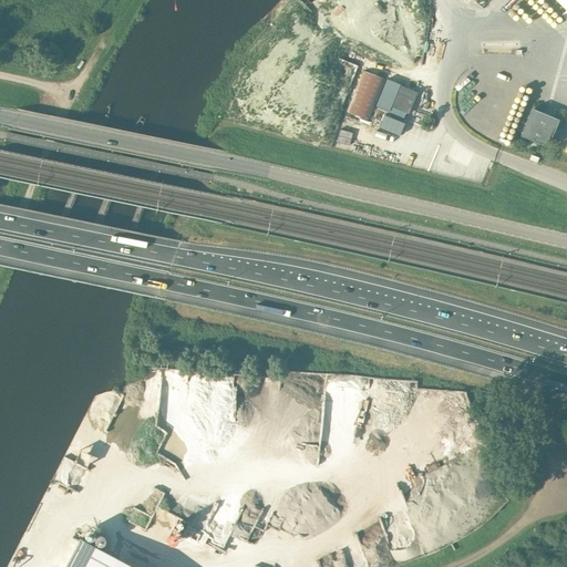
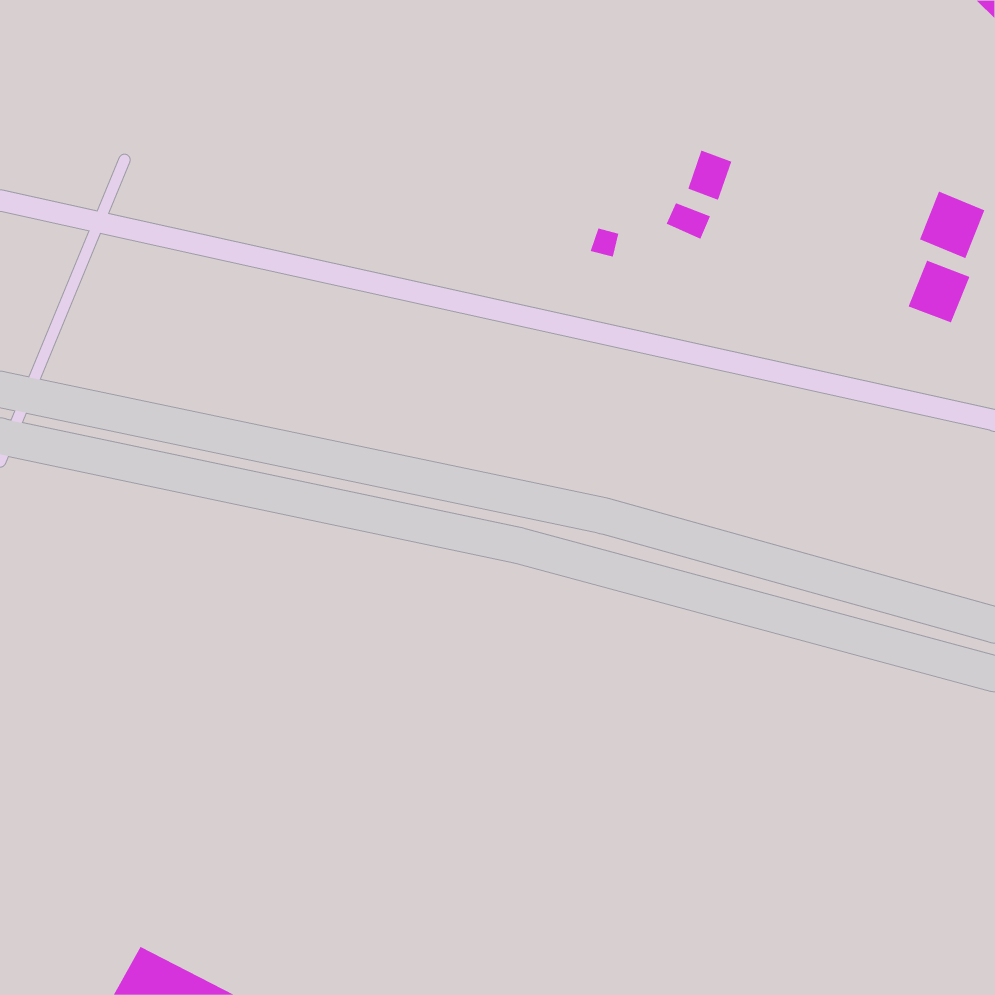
building: [346,71,385,121] -> none
building: none -> [908,260,970,323]

